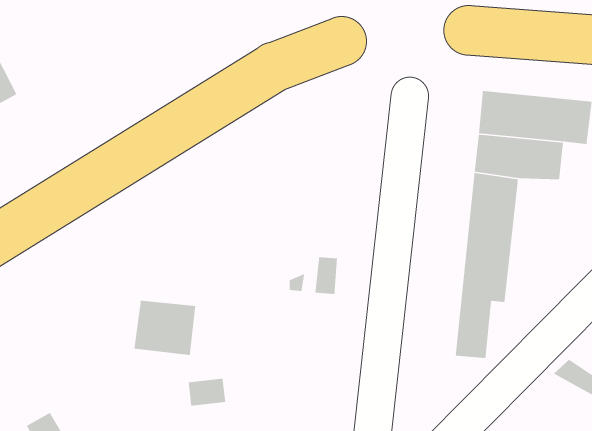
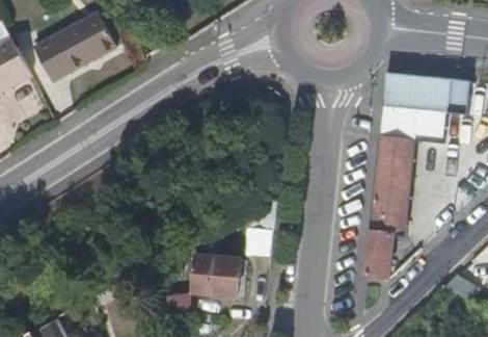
building: none -> [35,12,117,81]
building: [133,300,196,356] -> [193,254,241,296]

